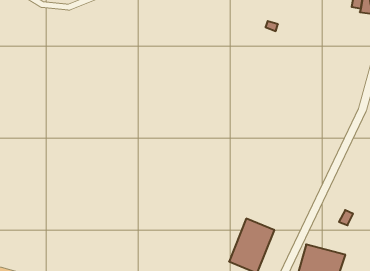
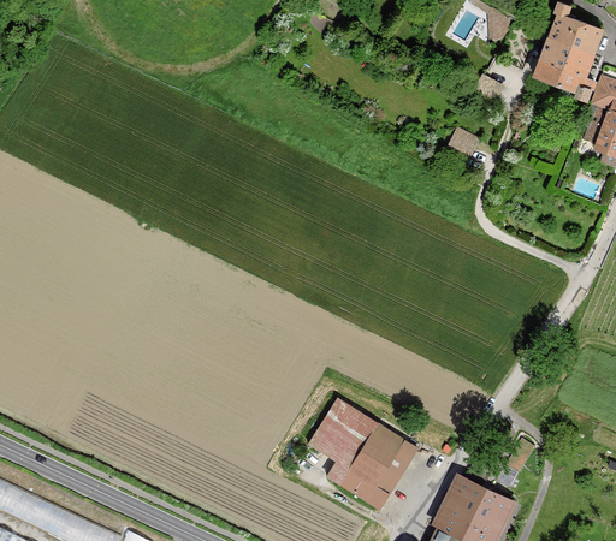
building: none -> [312,399,377,483]

